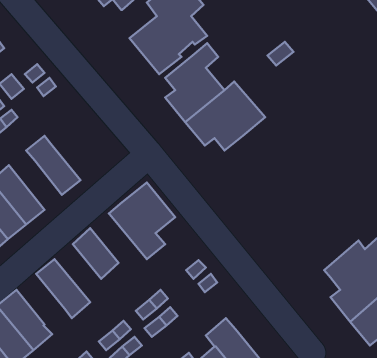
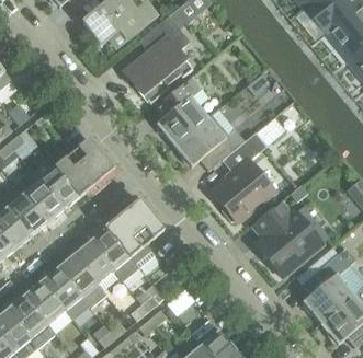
building: none -> [212,132,275,222]
building: none -> [55,139,114,197]
building: none -> [16,171,64,223]
building: none -> [252,201,322,277]
building: none -> [89,227,139,280]
building: none -> [57,254,106,308]
building: none -> [23,280,66,325]

